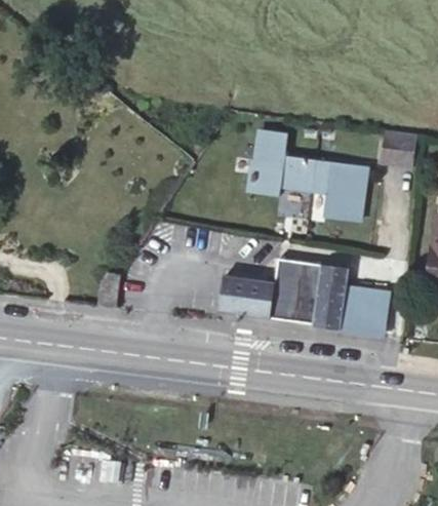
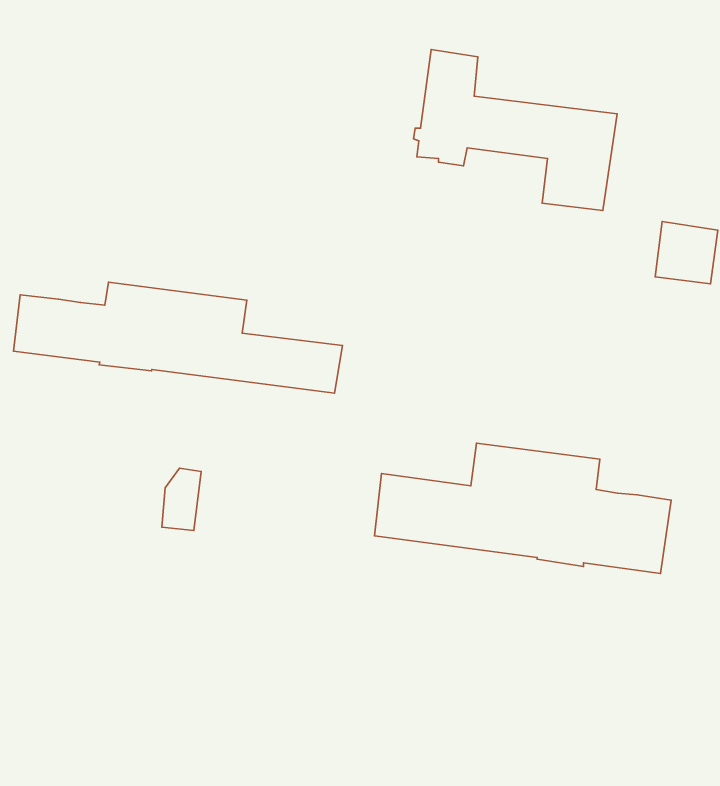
building: [250,129,367,222] -> [413,50,617,210]
building: none -> [13,282,343,393]

